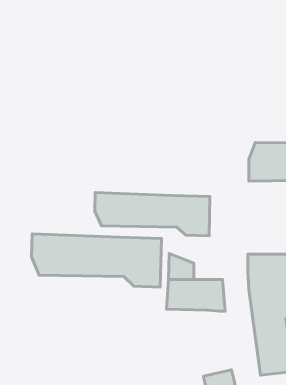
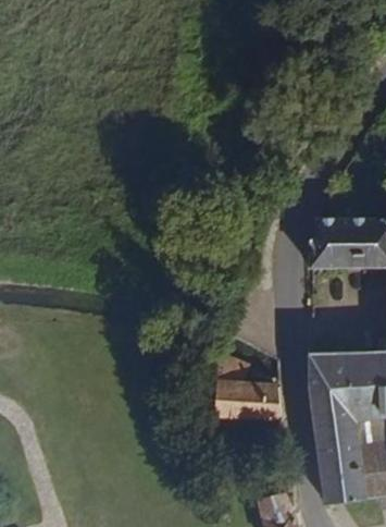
building: [95,193,210,236] -> none
building: [32,234,161,287] -> none

